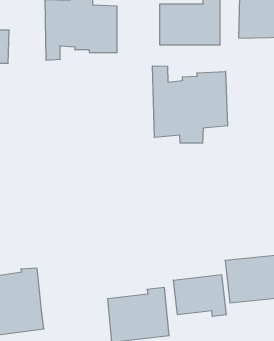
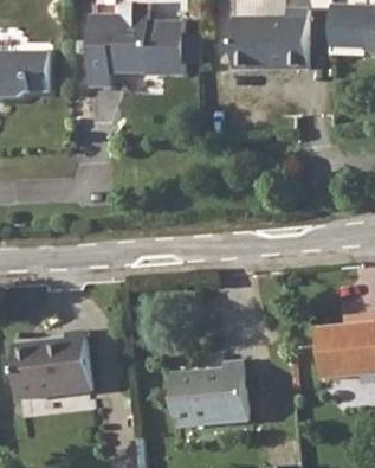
building: [153,66,228,143] -> none
building: [173,275,226,317] -> none

